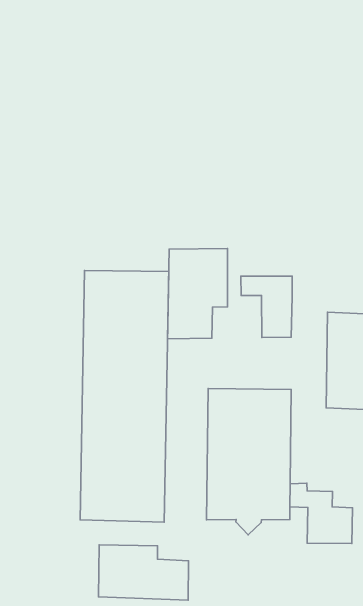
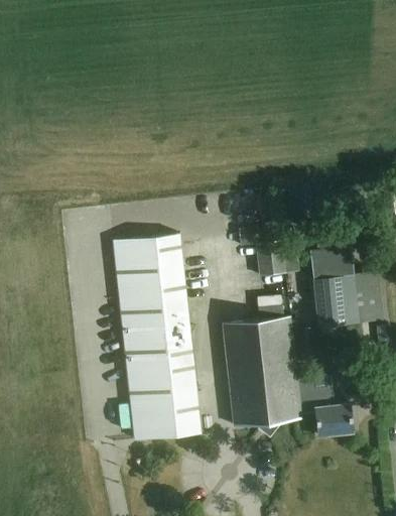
building: [168,249,228,339] -> none
building: [99,545,189,600] -> none

